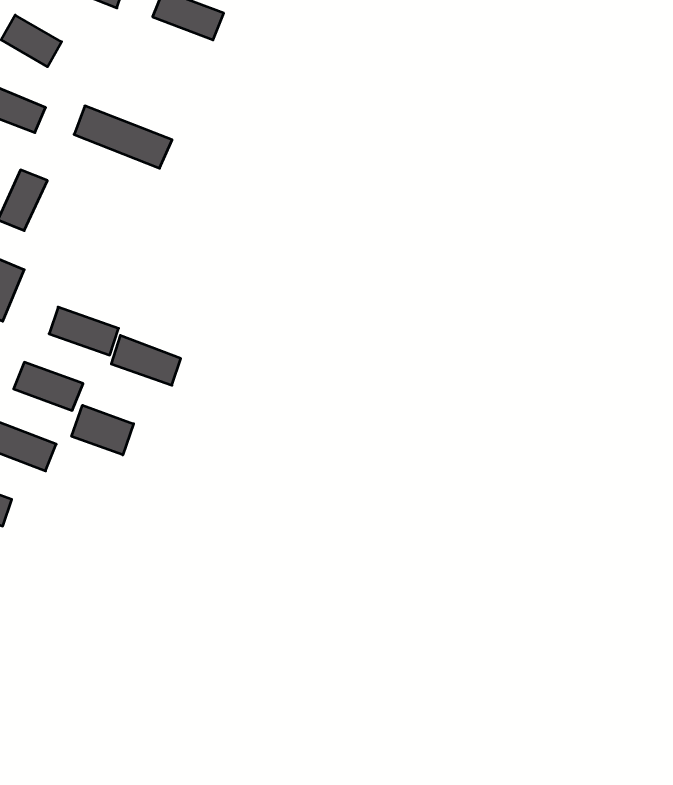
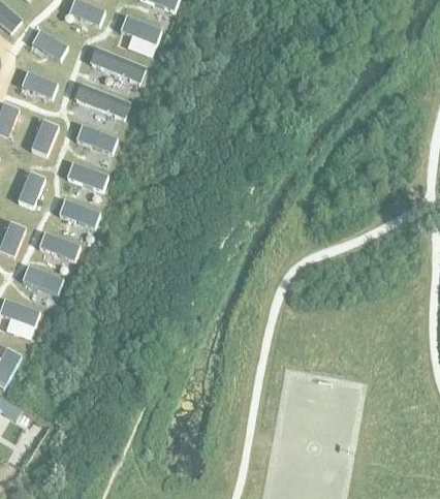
building: none -> [90,46,147,82]
building: none -> [76,125,118,153]
building: [111,335,181,385] -> [67,161,107,190]
building: [72,405,134,455] -> none

